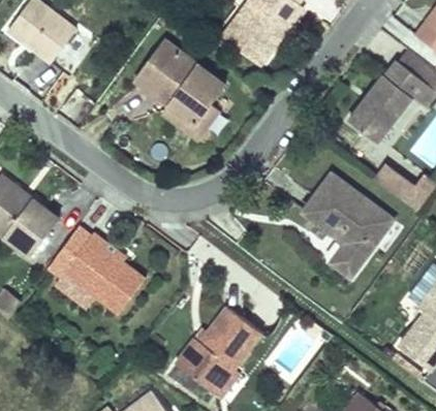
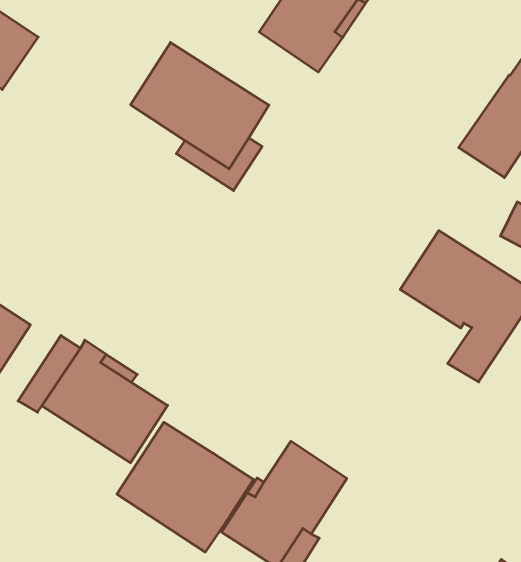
building: none -> [117,422,254,552]

